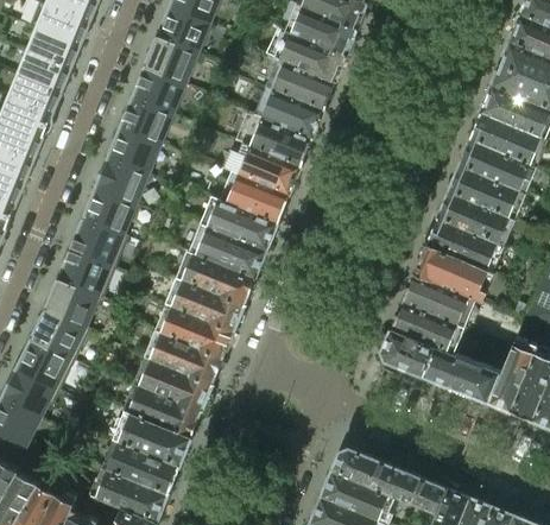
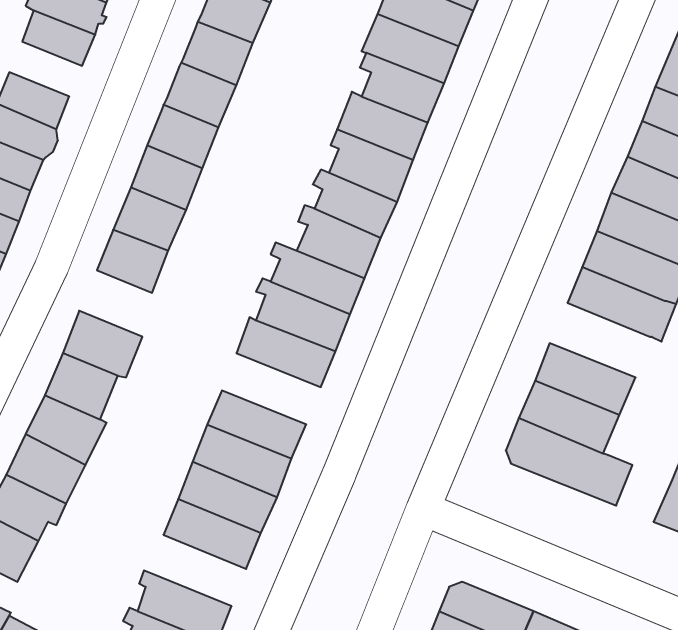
building: [17,51,70,91] -> none
building: [68,219,126,267] -> none
building: [412,242,498,302] -> none
building: [172,279,245,331] -> none
building: [461,361,501,403] -> none
building: [121,411,190,464] -> none

